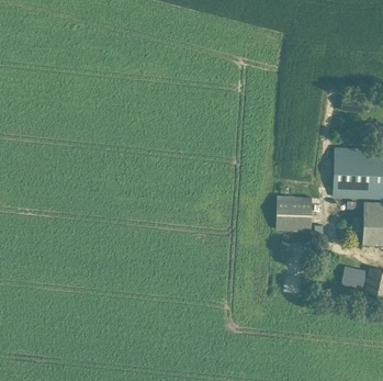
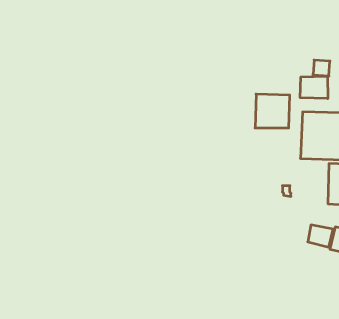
building: none -> [300,76,328,99]
building: [275,195,312,231] -> [255,94,290,128]

